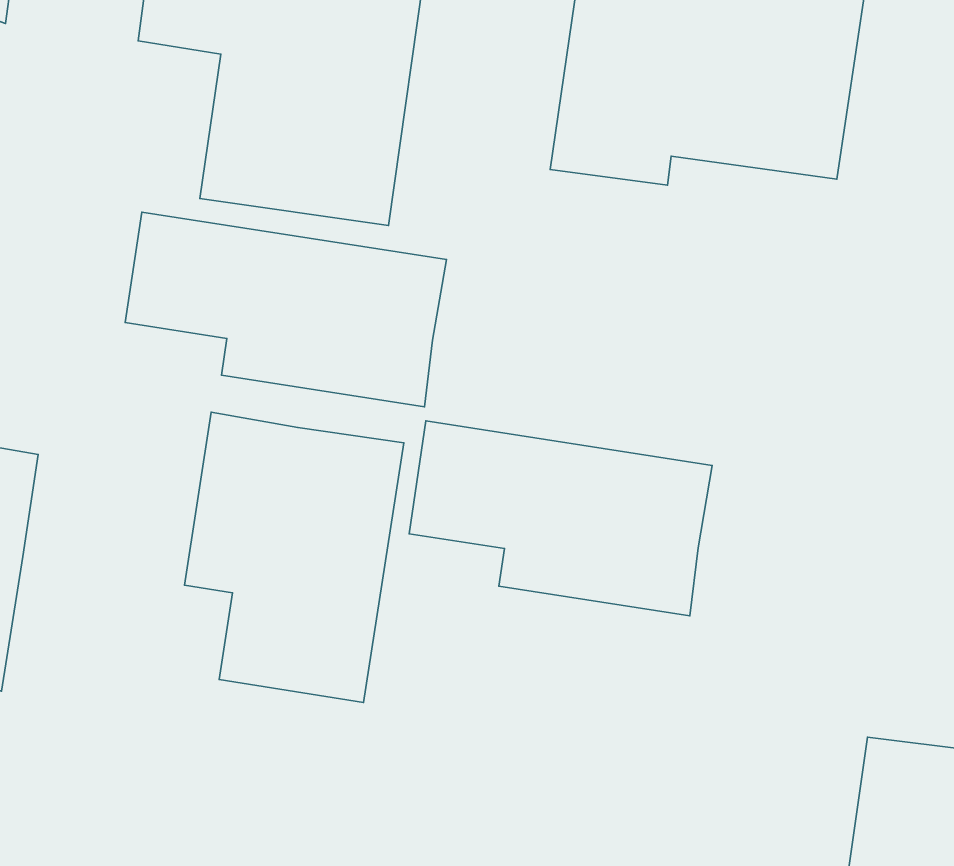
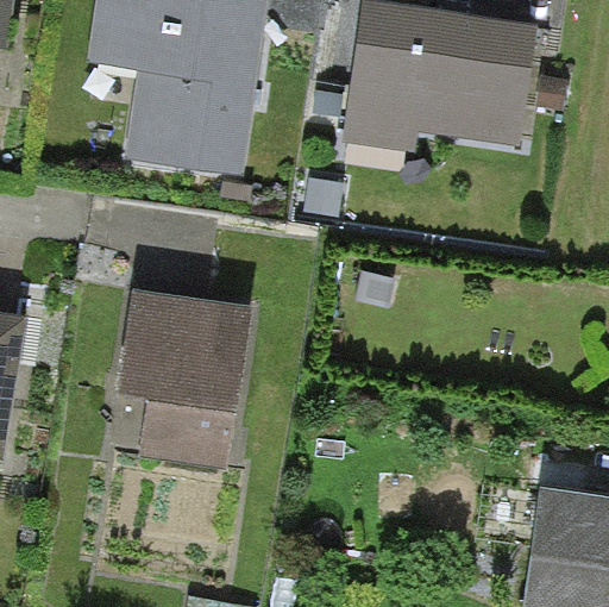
building: [125,212,446,407] -> none
building: [409,421,712,616] -> none

